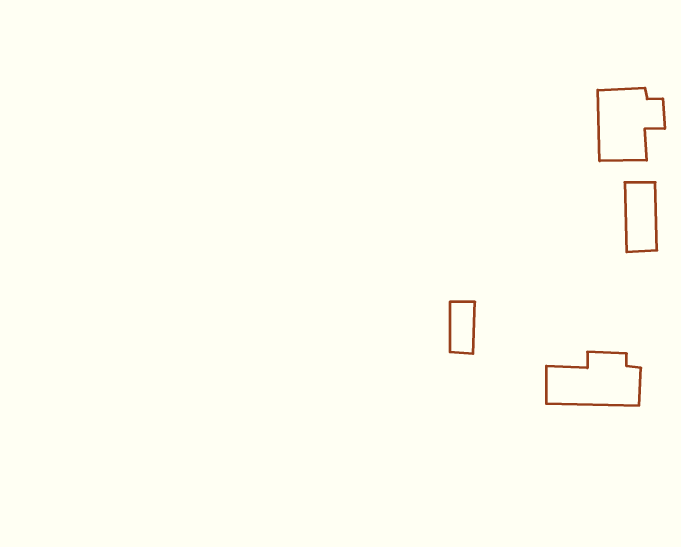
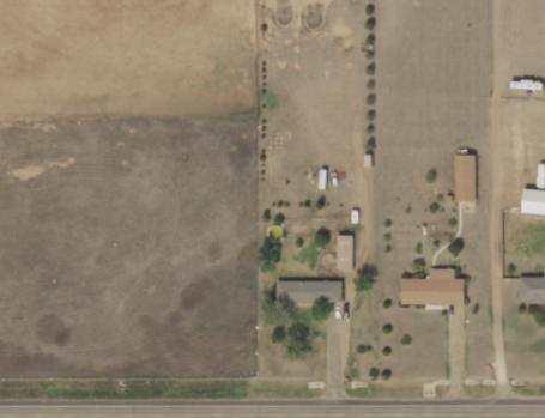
building: [598,88,665,161] -> none
building: none -> [277,280,343,304]

